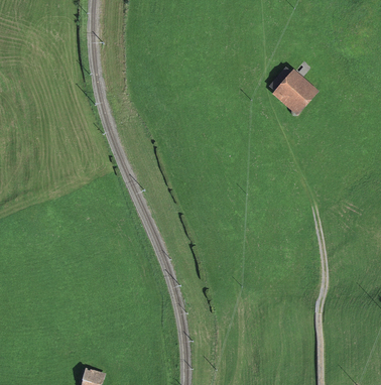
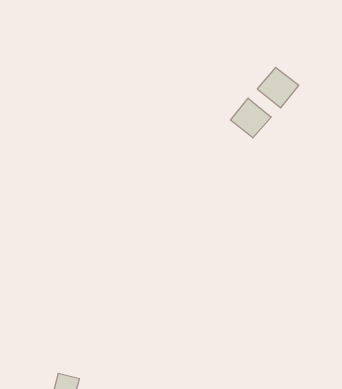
building: none -> [230,98,271,138]

